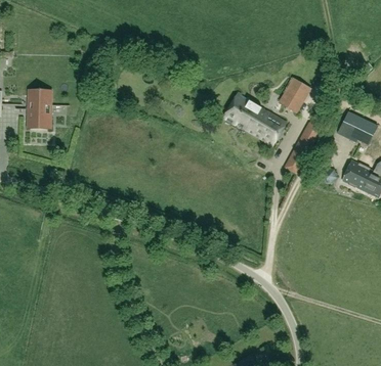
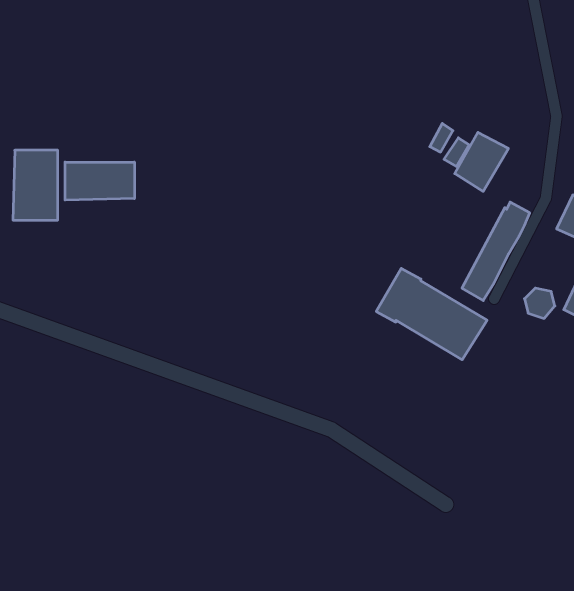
building: [222,93,286,145] -> [376,268,487,360]
building: none -> [65,162,134,200]

